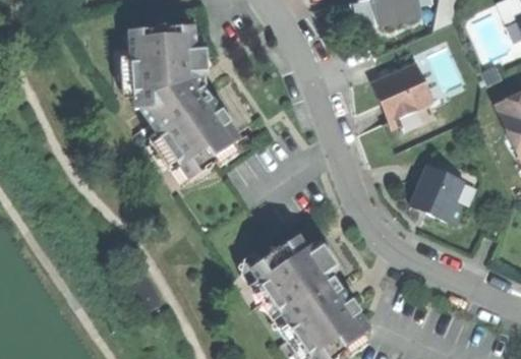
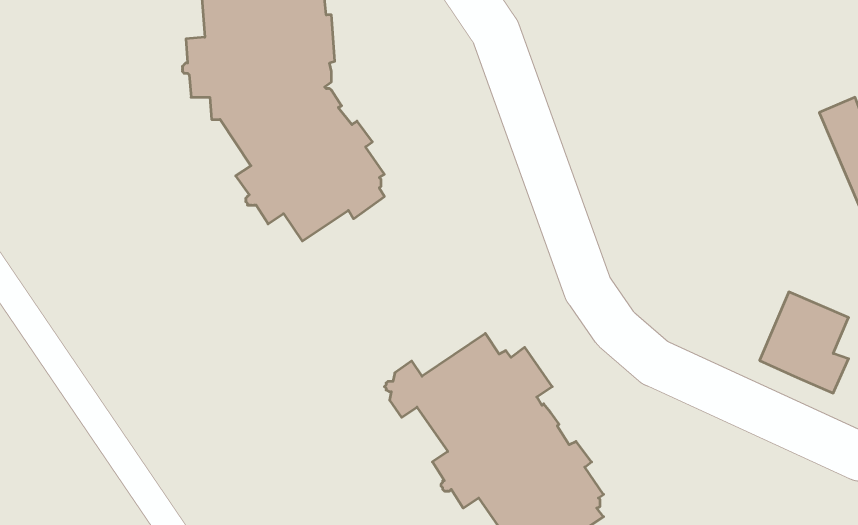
building: [371,62,432,117] -> none
building: [410,164,463,224] -> [760,292,849,393]

